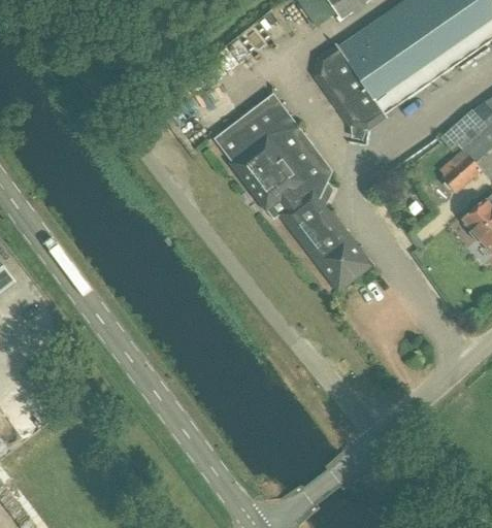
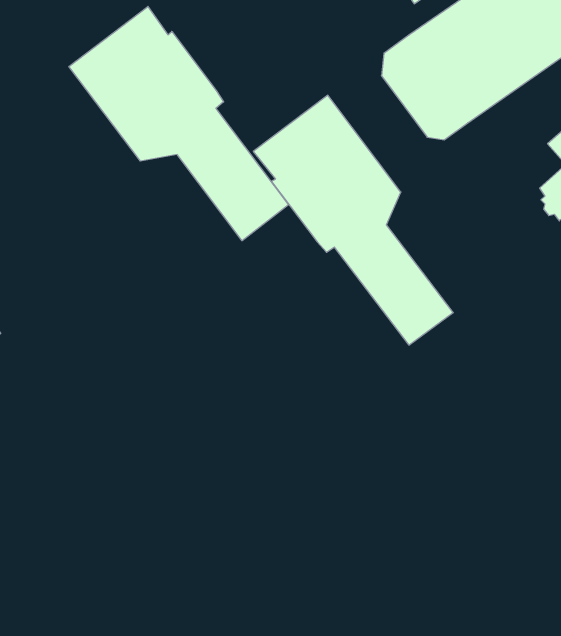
building: none -> [69,6,288,241]

